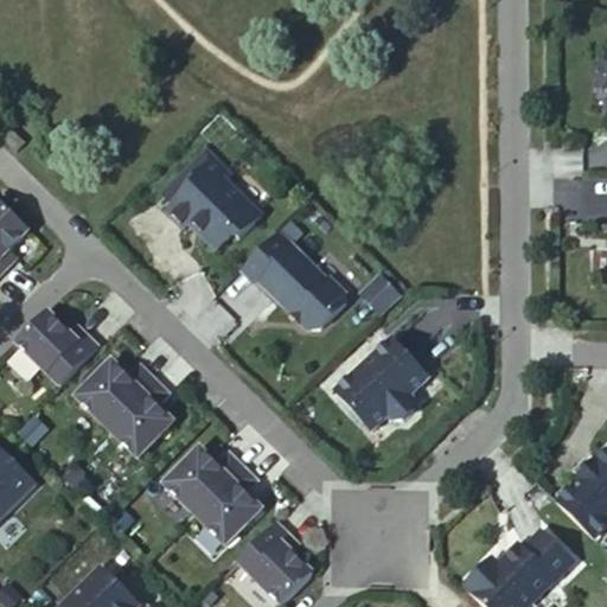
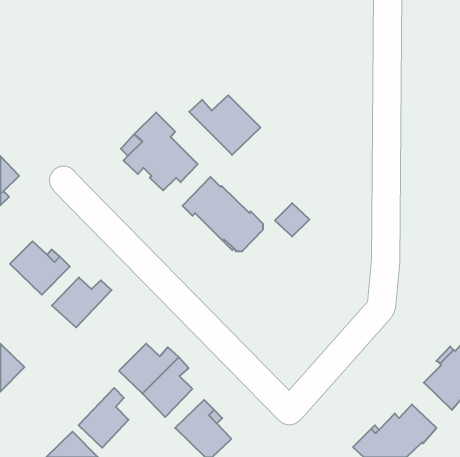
building: none -> [189,95,260,155]
building: [337,339,429,430] -> none
building: [104,379,170,458] -> [79,388,129,448]

